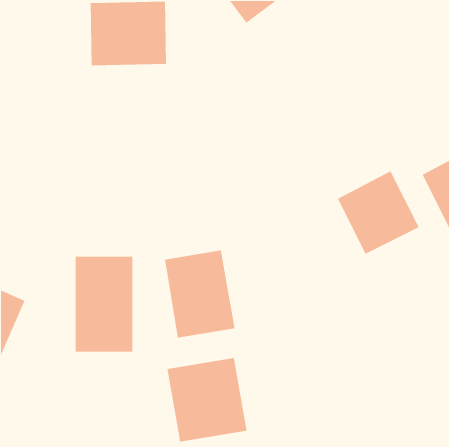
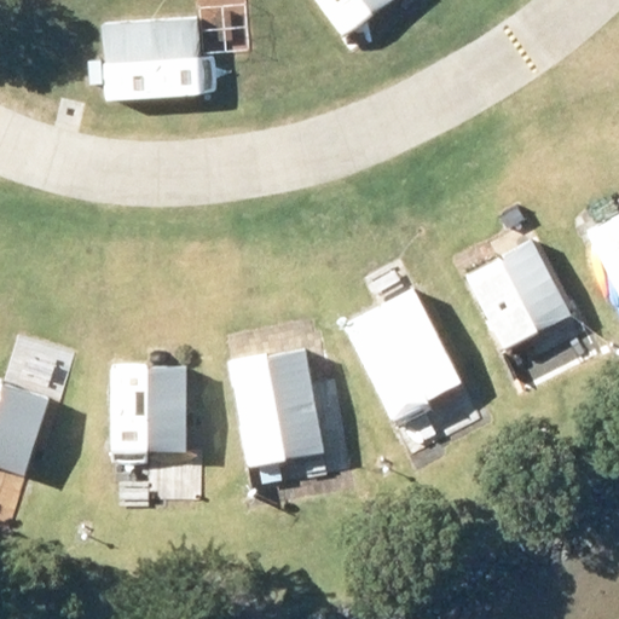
building: none -> [341,288,464,428]
building: [167,357,248,443] -> none

